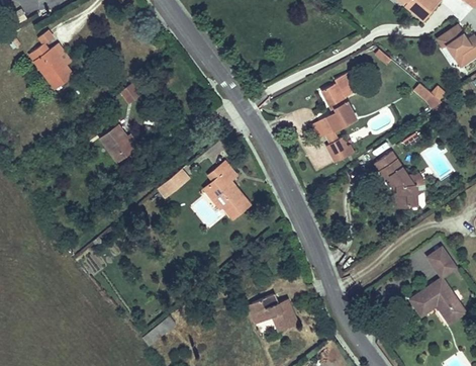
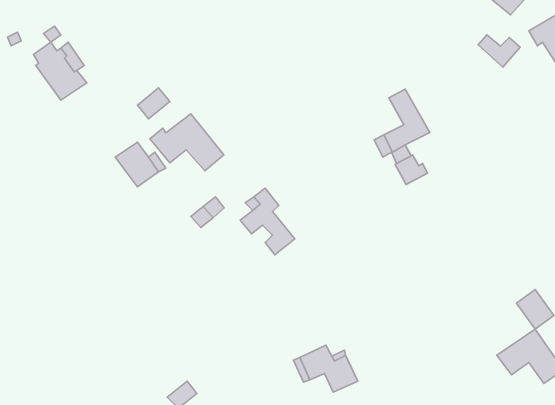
building: [414,82,449,108] -> [478,35,520,67]
building: none -> [150,114,224,171]
building: [374,152,417,209] -> none

